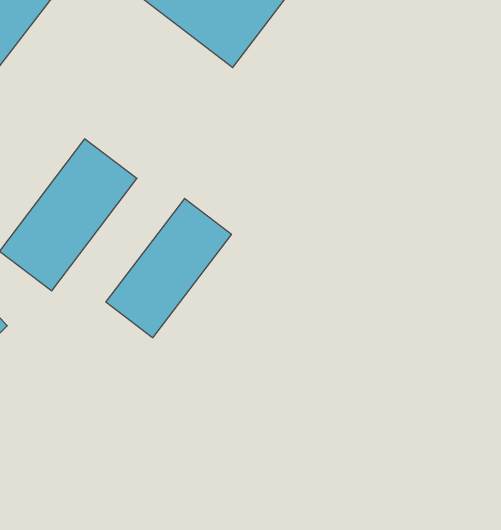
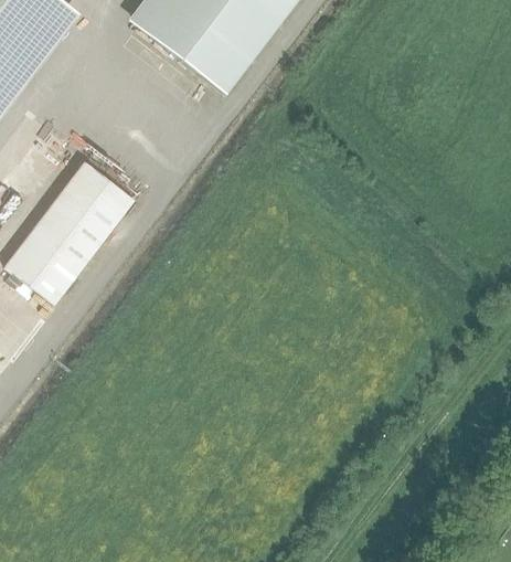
building: [106,198,231,338] -> none

